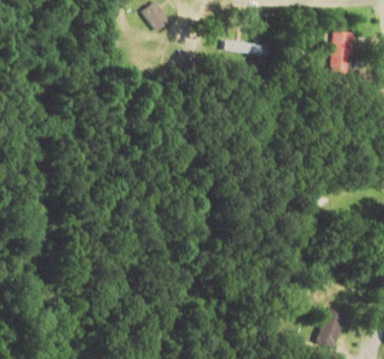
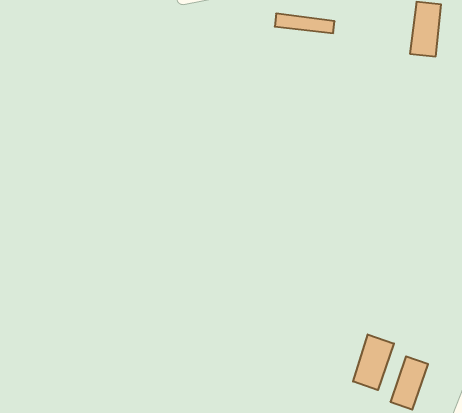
building: none -> [353,334,394,390]

